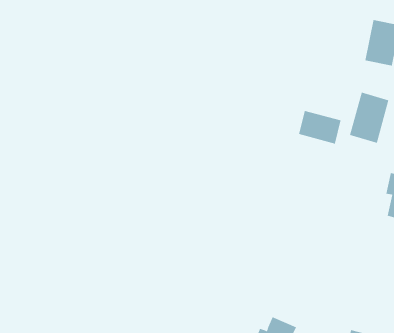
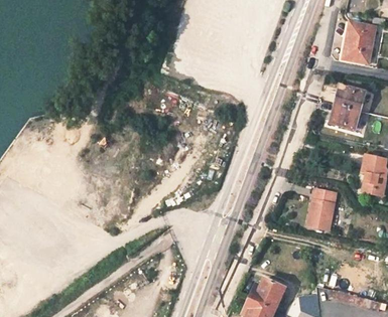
building: [299,110,341,145] -> none
building: none -> [307,188,336,228]

